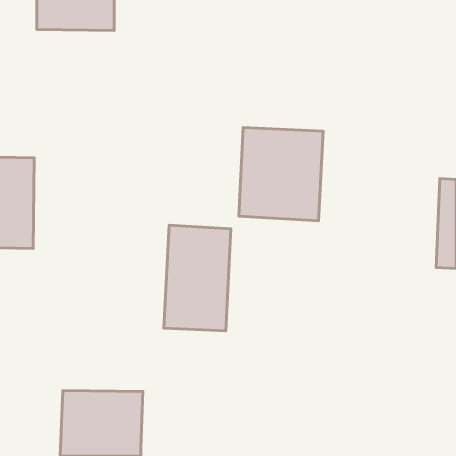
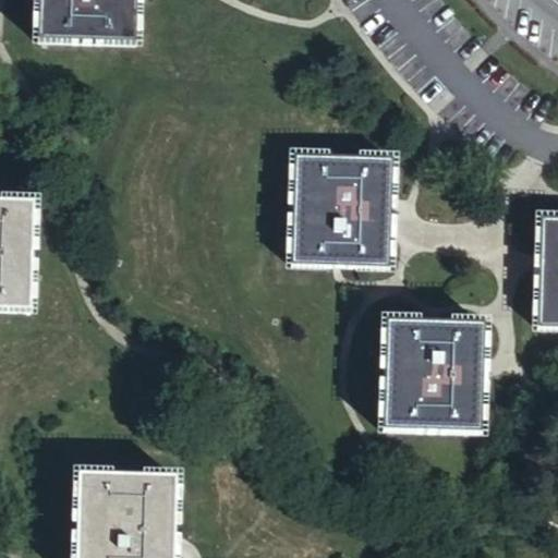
building: [164,225,231,331] -> none
building: none -> [385,320,484,430]

